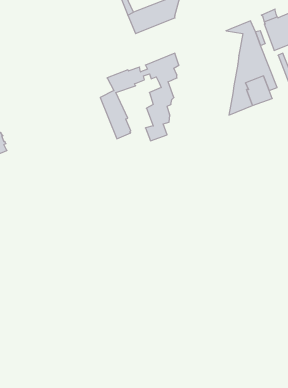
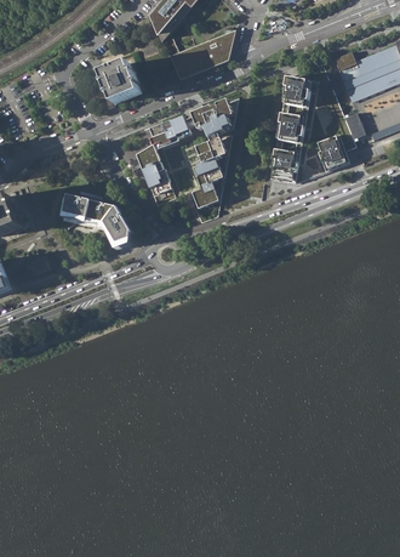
building: none -> [99,64,138,103]
building: none -> [269,76,310,182]
building: none -> [62,195,130,249]

